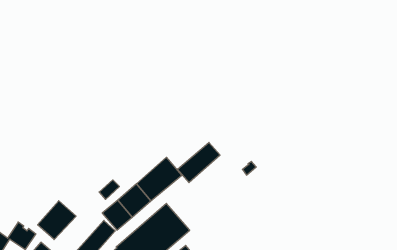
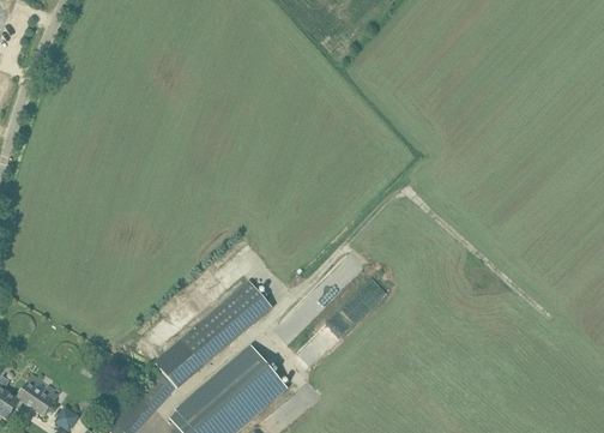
building: [177,142,220,183] -> none
building: [38,201,76,240] -> none

